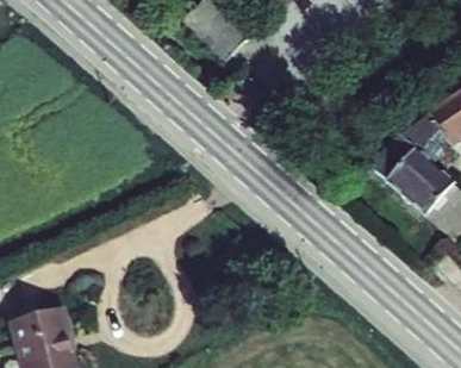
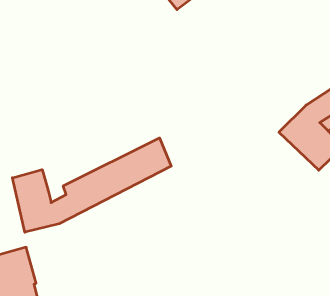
building: none -> [12,138,171,232]

